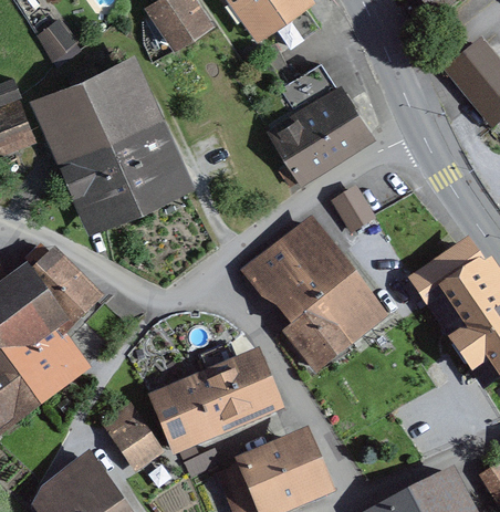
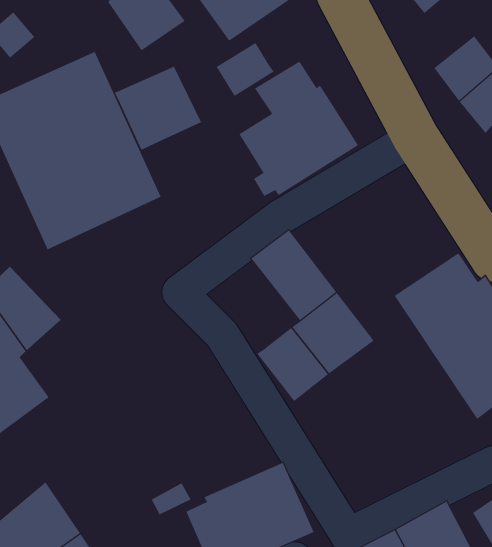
building: none -> [216,42,274,97]
building: none -> [114,66,202,151]
building: [331,184,376,231] -> none
building: [237,242,321,325] -> none
building: [145,349,284,459] -> none
building: [101,404,164,473] -> none

